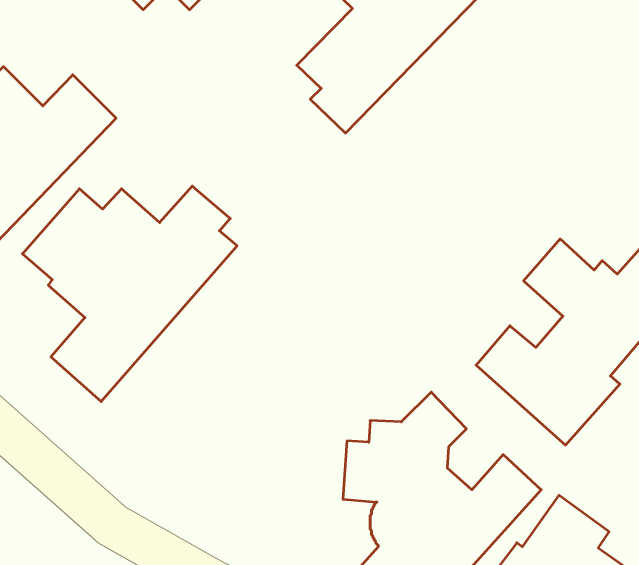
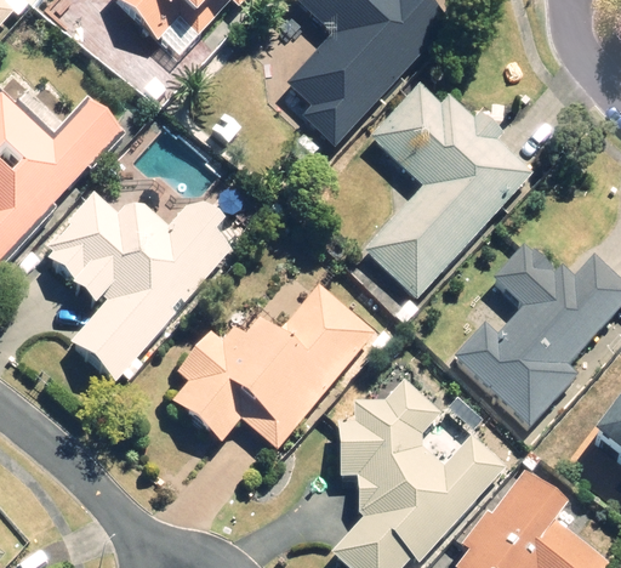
building: none -> [363,83,535,295]
building: none -> [169,283,376,448]

